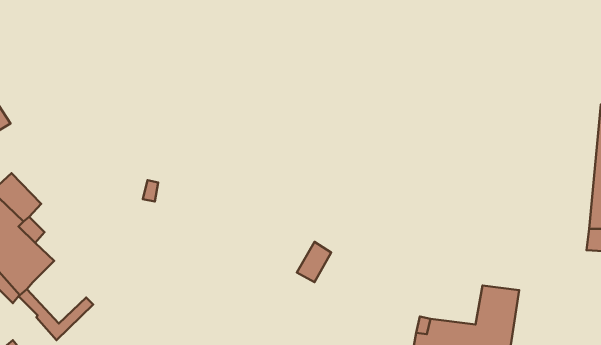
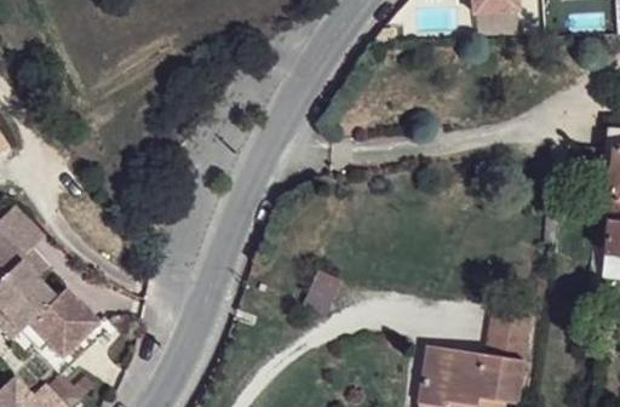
building: none -> [28,281,98,352]

